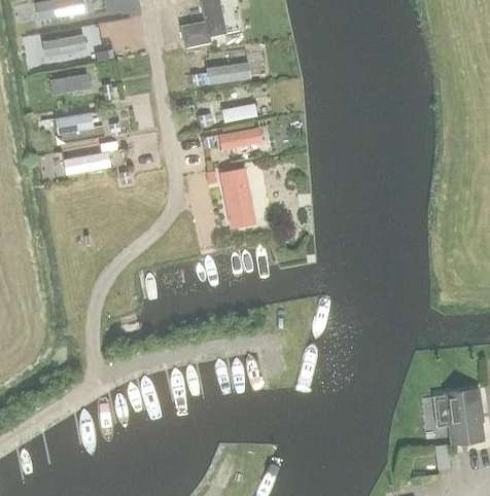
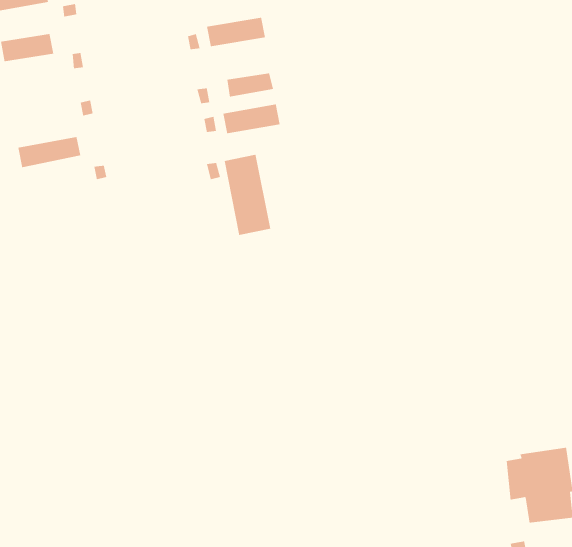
building: [55,111,94,134] -> none

